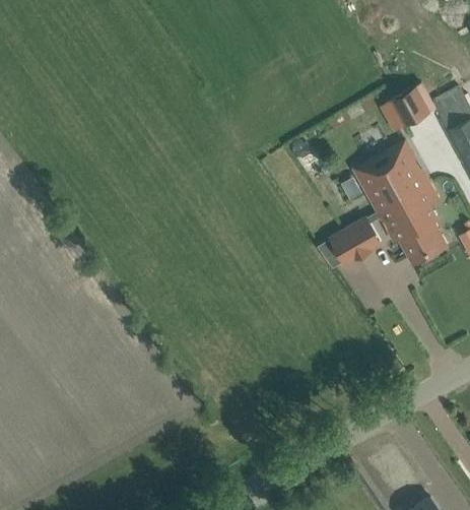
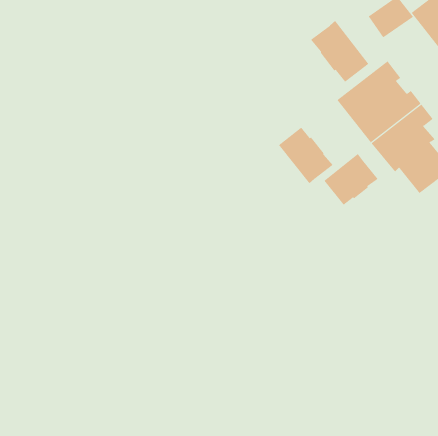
building: none -> [310,20,369,82]
building: none -> [278,127,333,184]

